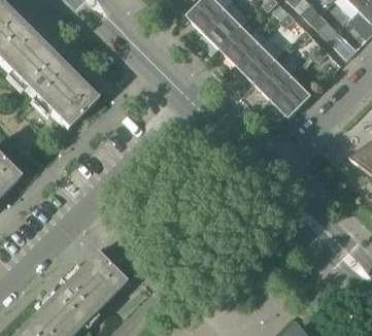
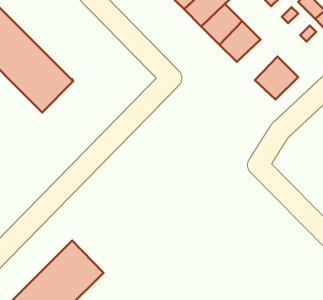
building: [253,58,293,97] -> none

